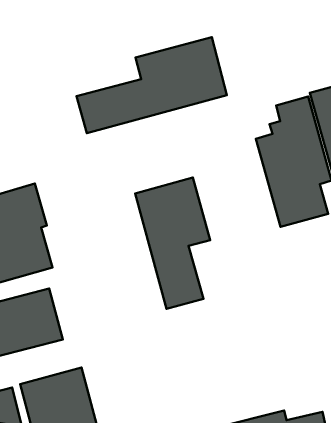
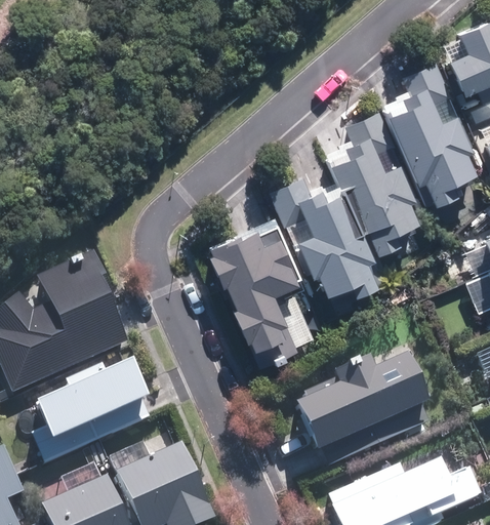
building: [77,37,227,133] -> none
building: none -> [270,174,381,310]
building: none -> [304,348,438,460]

